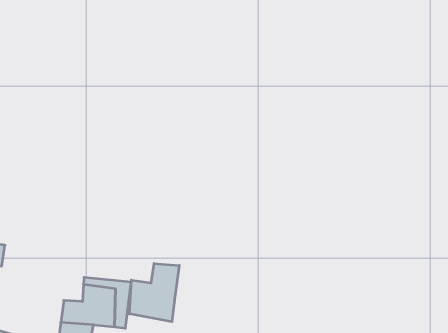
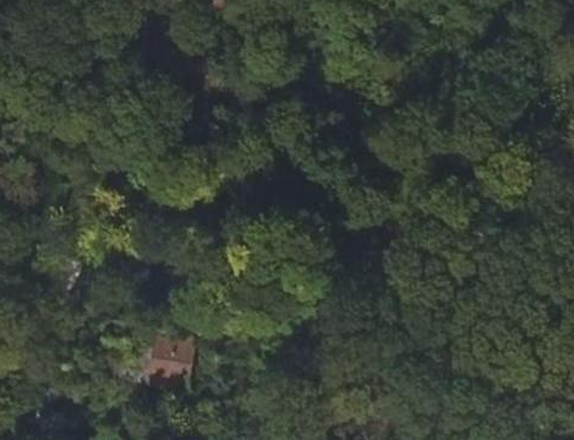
building: [129,263,179,322] -> none

